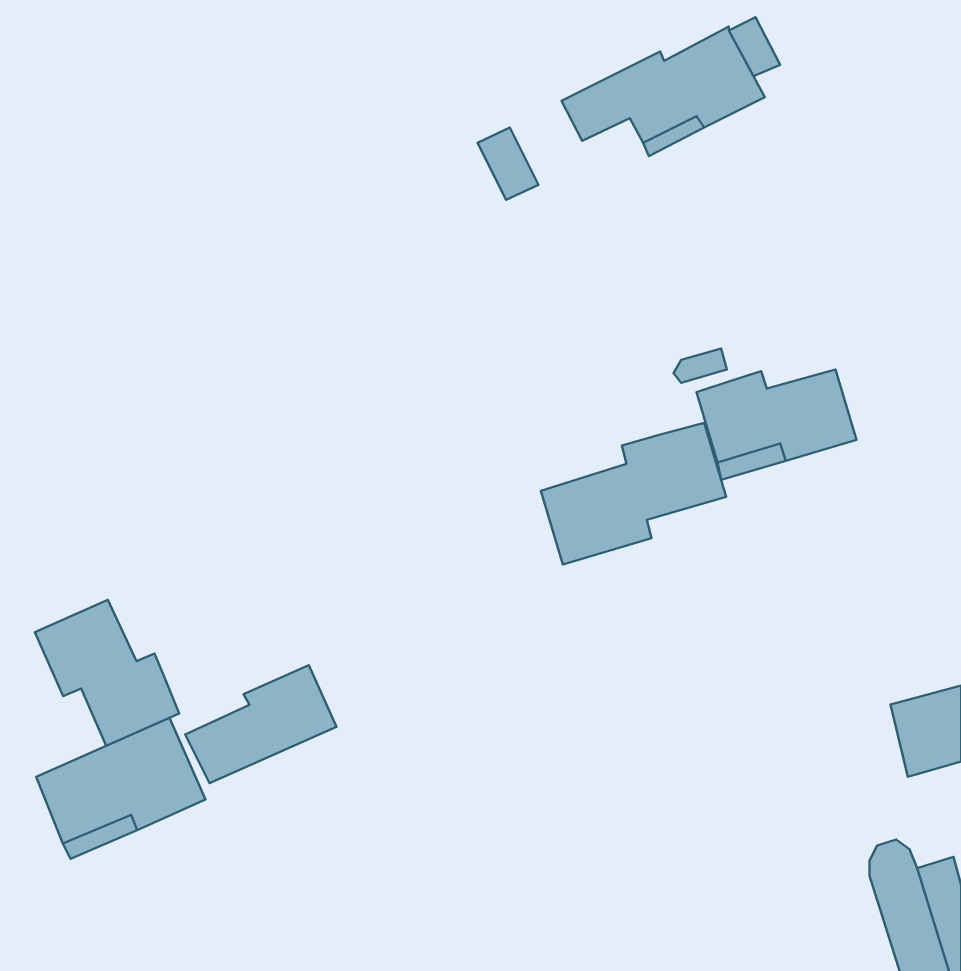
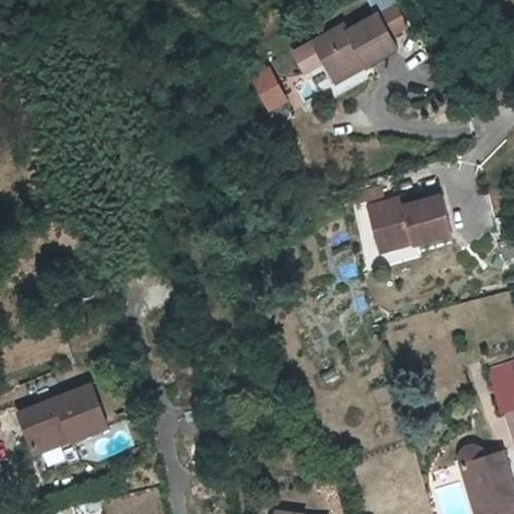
building: [541,423,726,565] -> none
building: [35,600,179,746] -> none
building: [185,665,336,783] -> none

